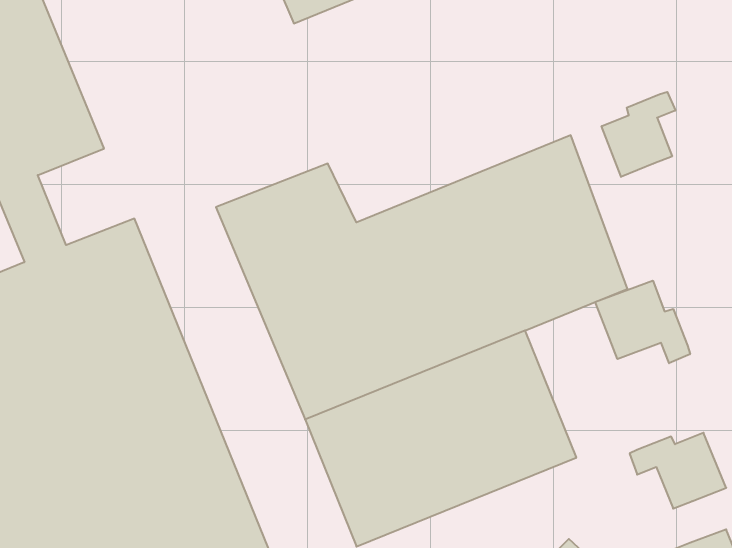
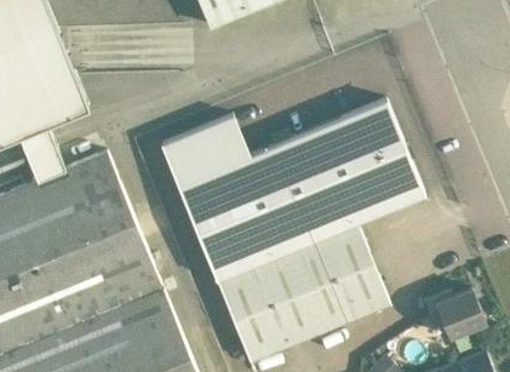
building: [602,92,675,177] -> none
building: [595,281,690,363] -> none

